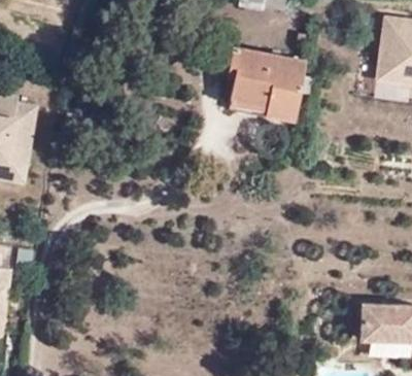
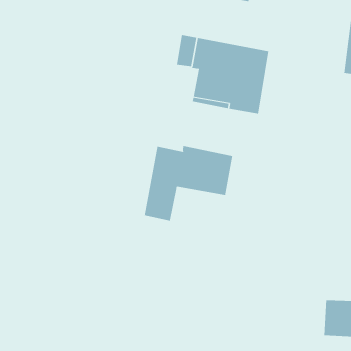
building: none -> [144,145,233,221]

